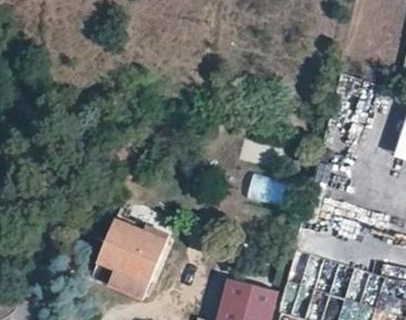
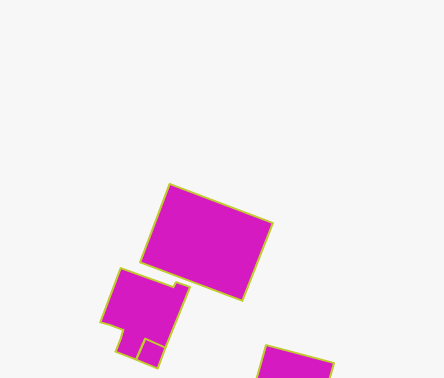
building: none -> [140,184,273,301]

